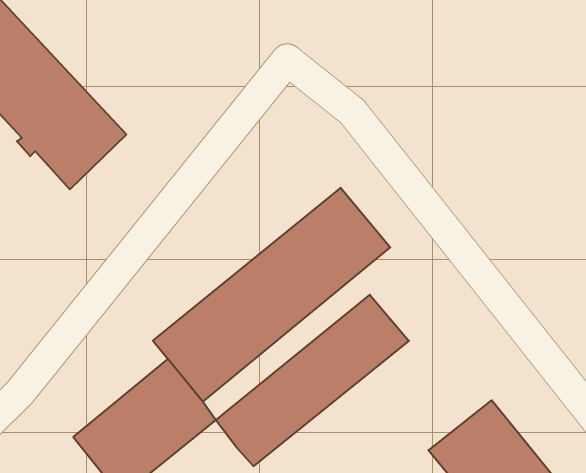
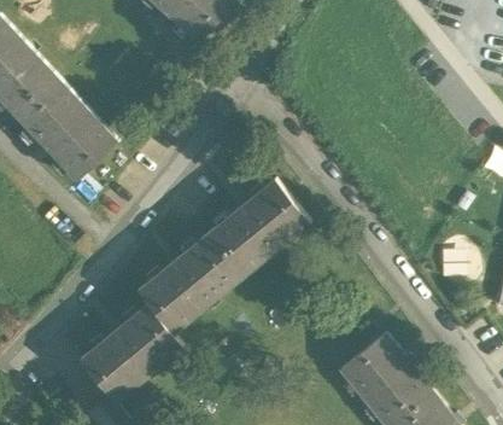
building: [216,295,409,466] -> none

